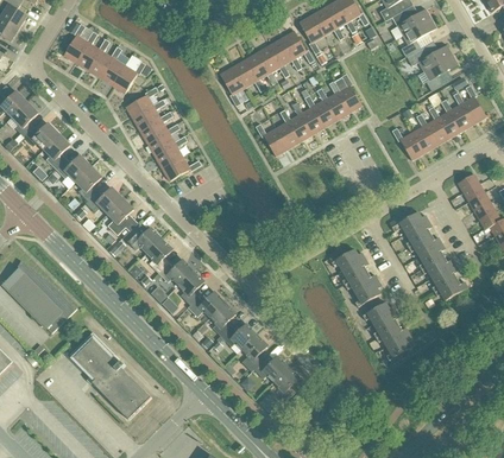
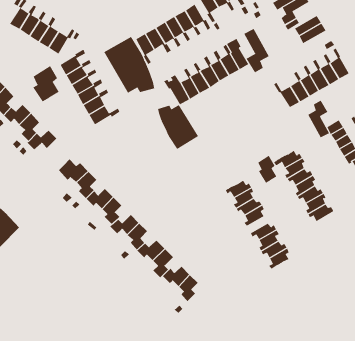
building: none -> [243,28,269,73]
building: none -> [103,36,155,93]
building: none -> [33,65,59,102]
building: none -> [307,100,330,138]
building: none -> [157,104,199,150]
building: [107,197,138,234] -> none
building: none -> [257,155,277,183]
building: [70,331,150,418] -> none

